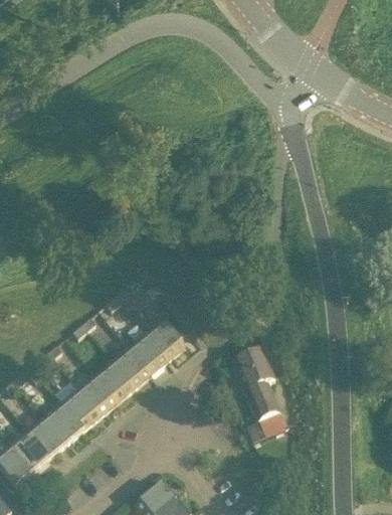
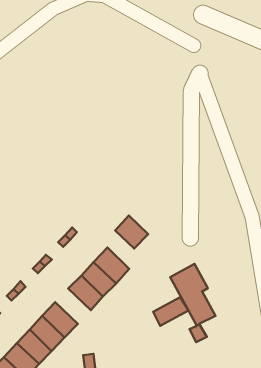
building: none -> [115,215,148,248]
building: [96,358,137,400] -> none
building: none -> [153,297,188,326]

